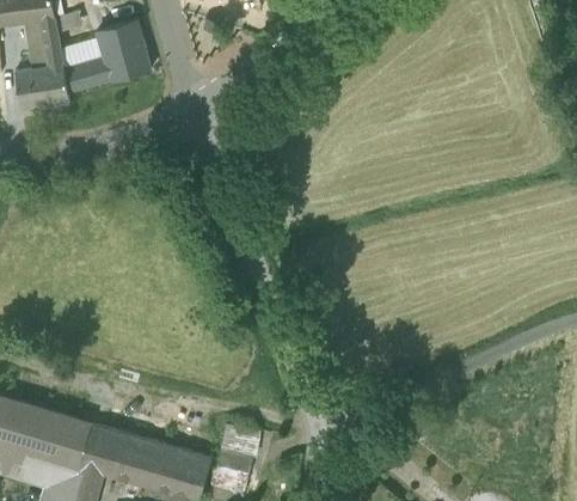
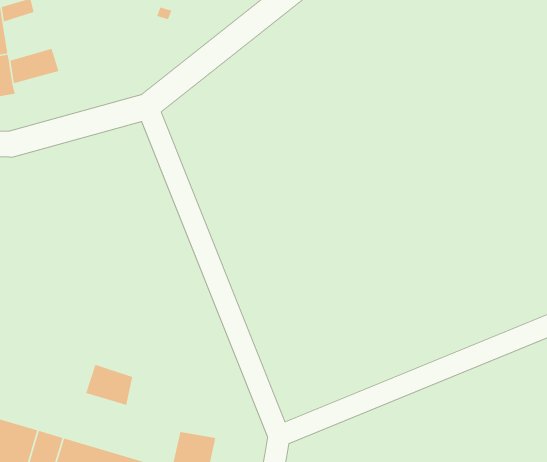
building: [96,20,149,80] -> none
building: none -> [85,364,133,406]

